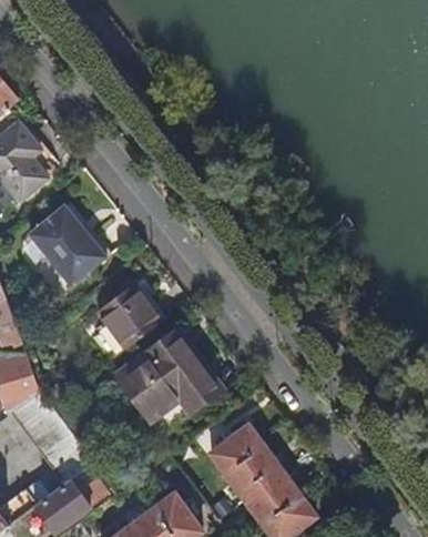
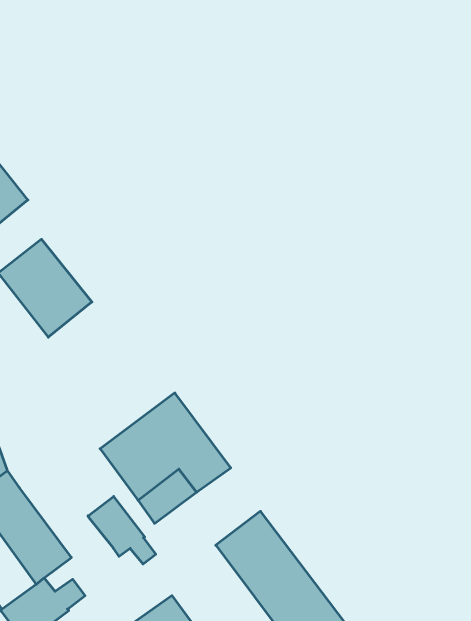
building: [98,284,160,348] -> none
building: none -> [88,496,156,564]

